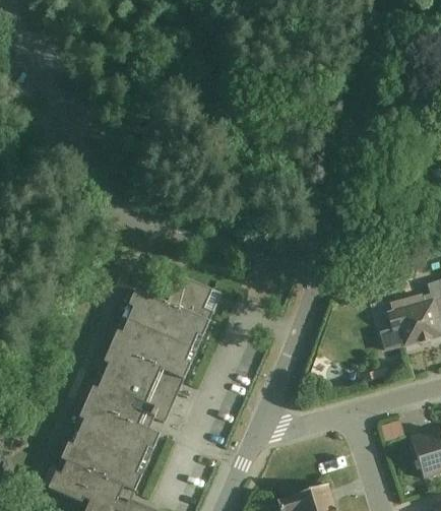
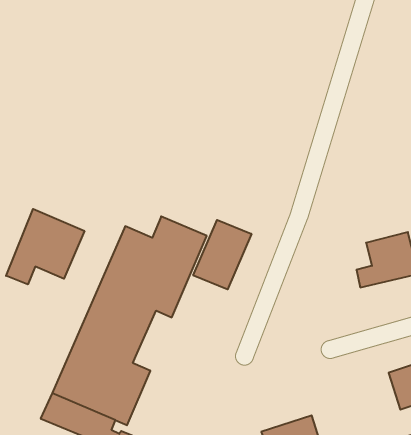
building: none -> [6,209,84,284]
building: none -> [193,220,251,289]

